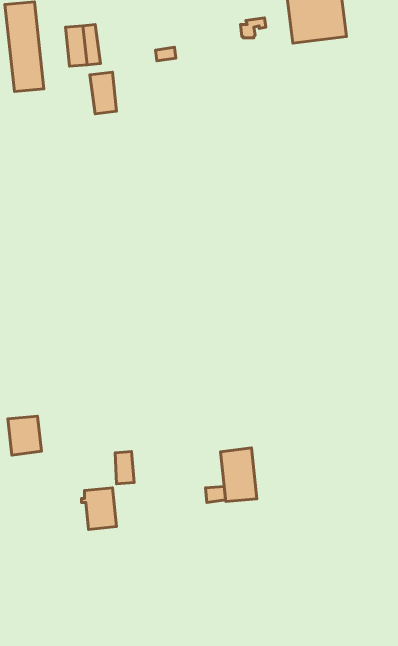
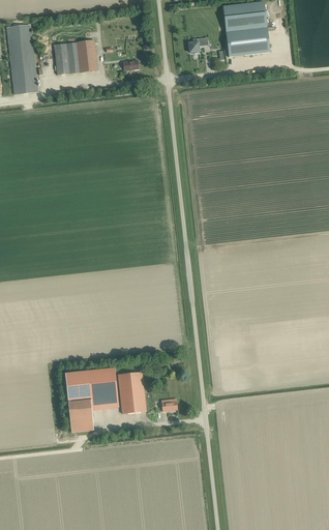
building: [90,72,117,114] -> [77,39,97,71]
building: [8,416,42,455] -> [65,370,91,400]
building: [220,448,257,501] -> [118,371,146,412]

